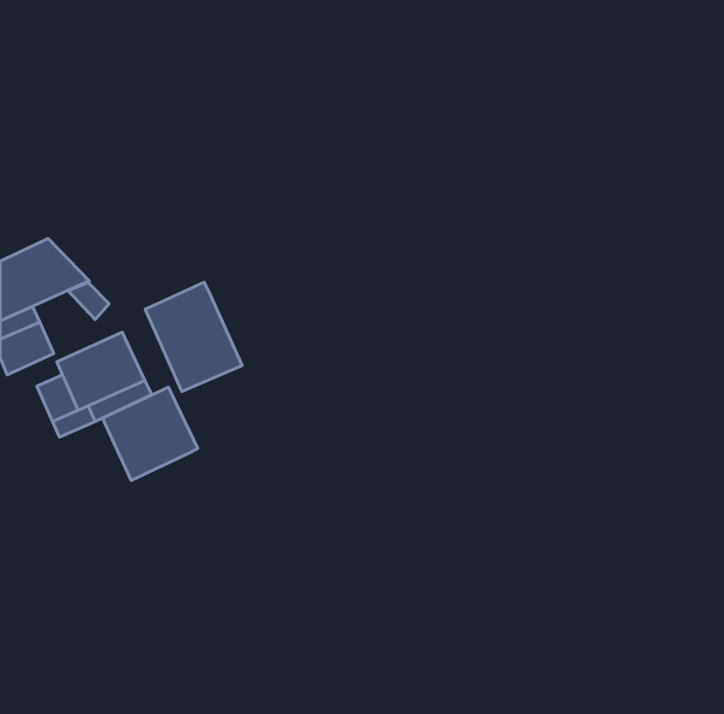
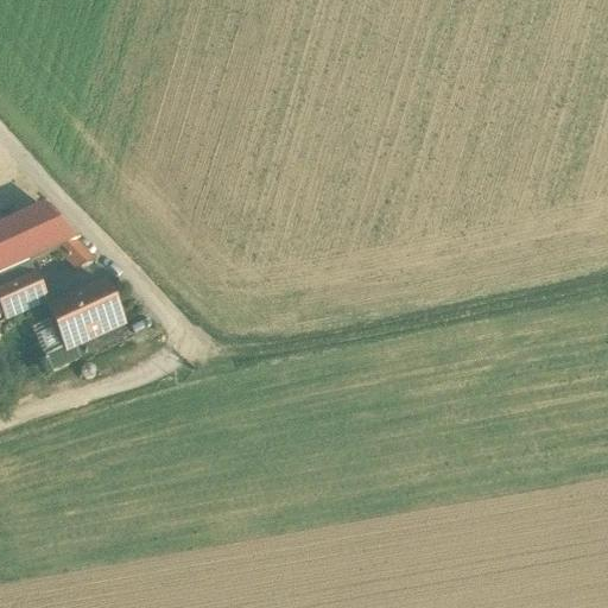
building: [145,282,242,392] -> none
building: [102,387,198,481] -> none

